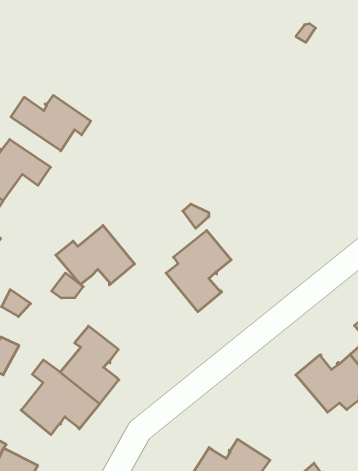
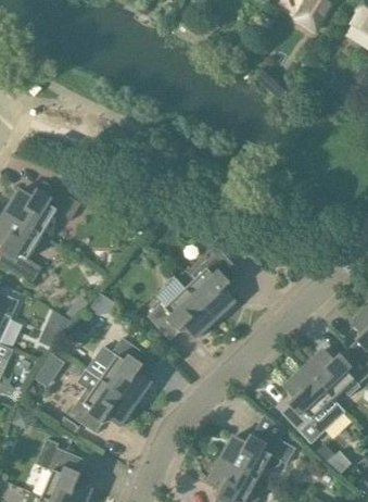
building: [11,95,91,151] -> none
building: [56,225,135,285] -> [147,288,215,340]
building: none -> [280,368,345,444]

